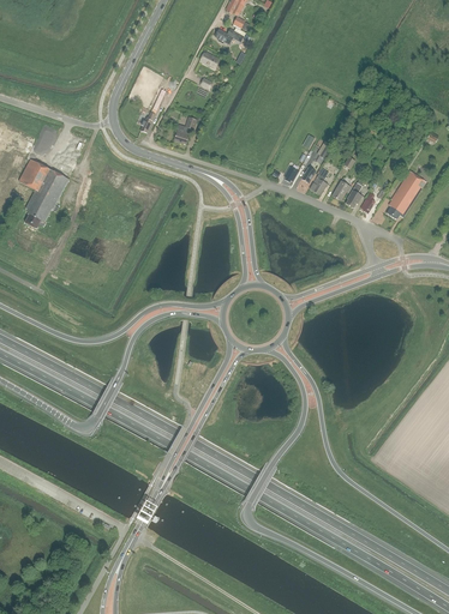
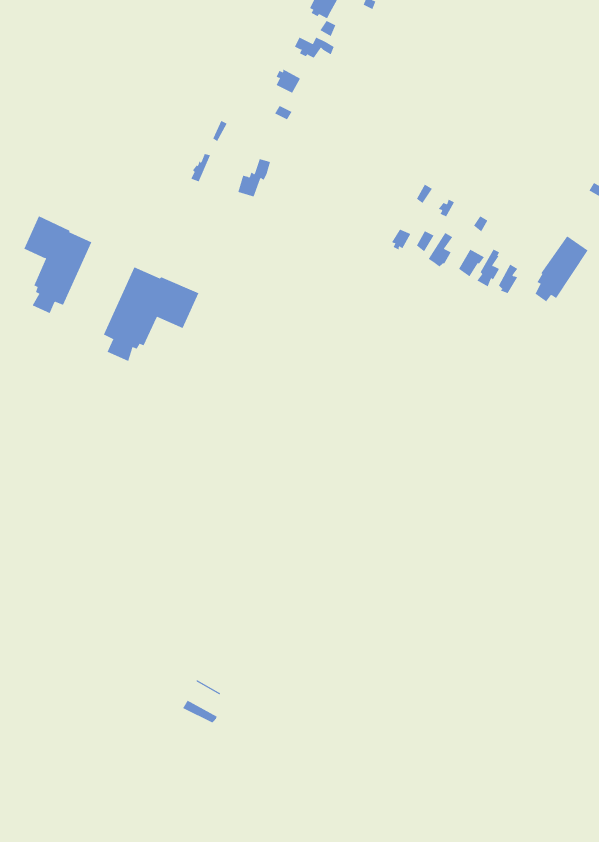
building: none -> [103,267,199,362]

